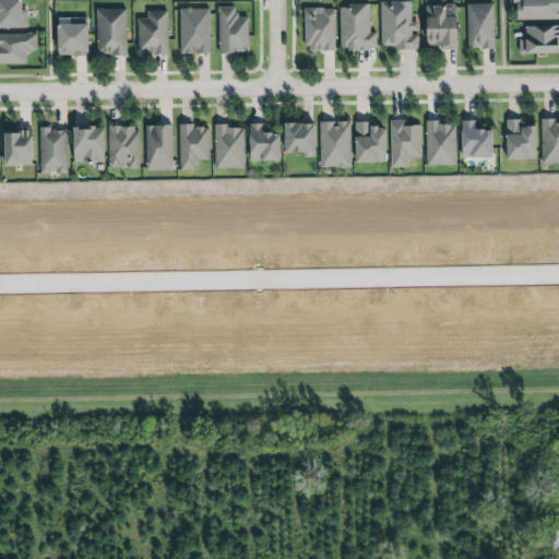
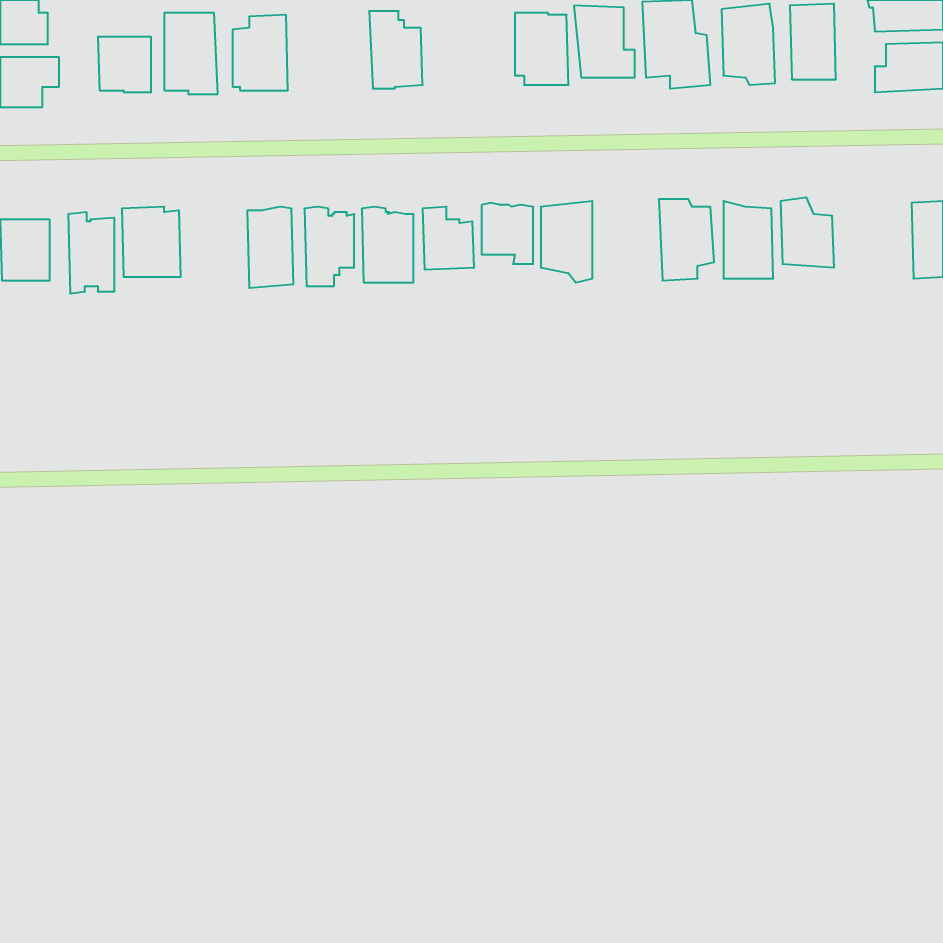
building: [180,7,213,55] -> none
building: [507,118,537,159] -> none
building: [355,120,388,160] -> none
building: [109,126,140,168] -> none

